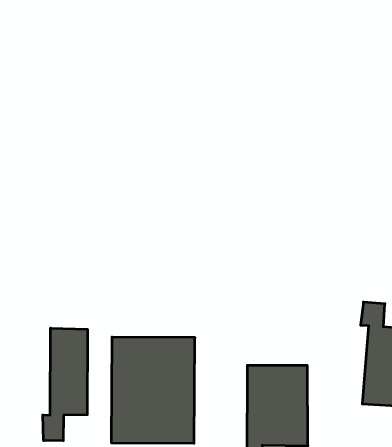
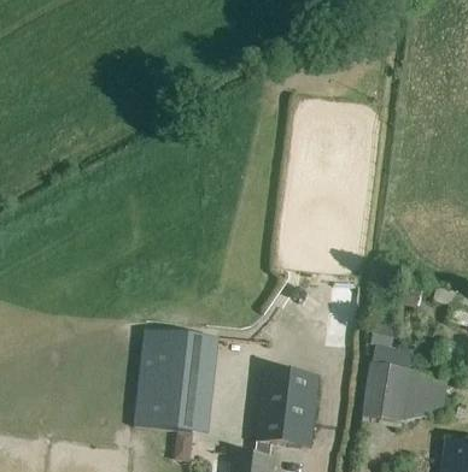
building: [43,328,87,441] -> none

